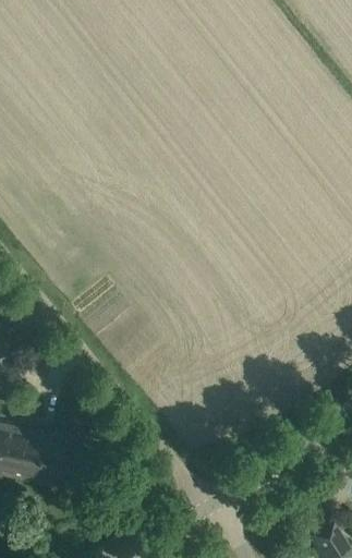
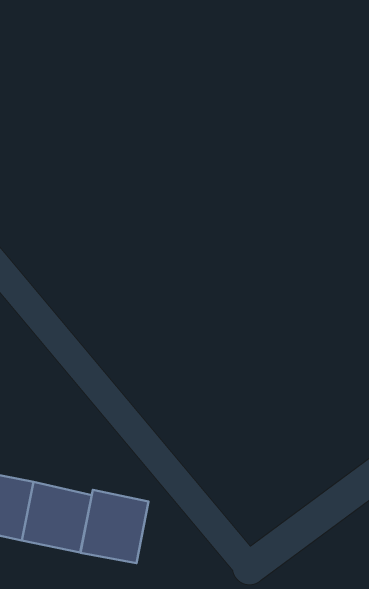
building: none -> [80,490,148,563]

